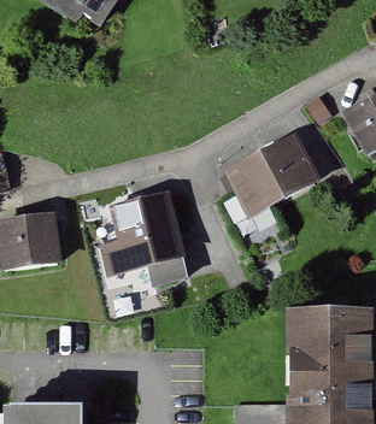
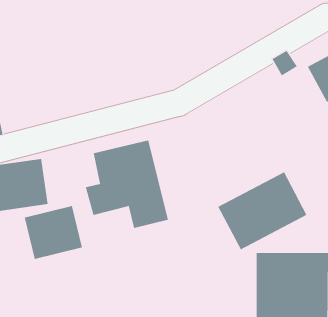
building: [223,133,322,219] -> [217,171,308,251]
building: none -> [24,205,83,260]

